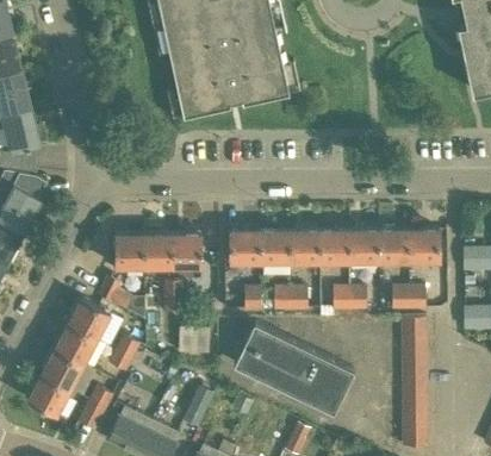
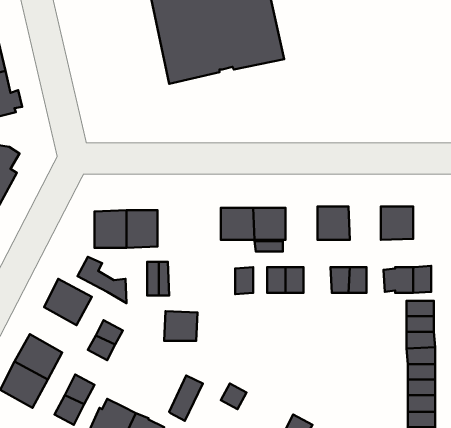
building: [290,231,319,262] -> none
building: [348,231,378,262] -> none
building: [408,231,437,261] -> none
building: [172,235,201,268] -> none
building: [54,324,97,366] -> none
building: [232,324,353,413] -> none

